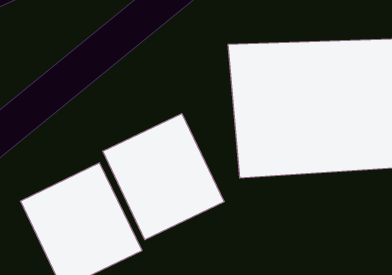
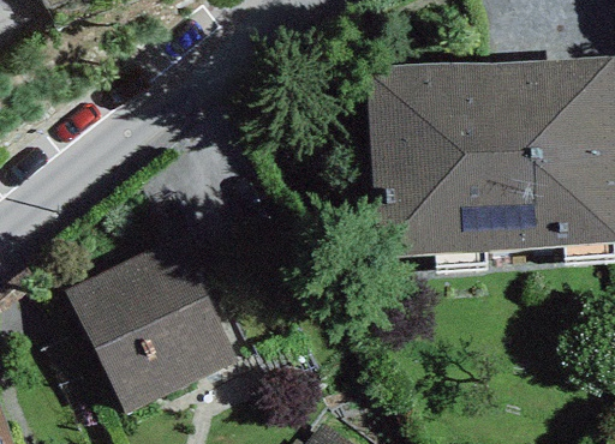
building: [103,114,224,240] -> none

